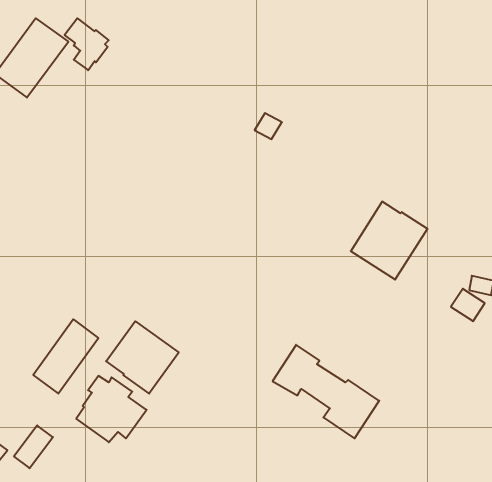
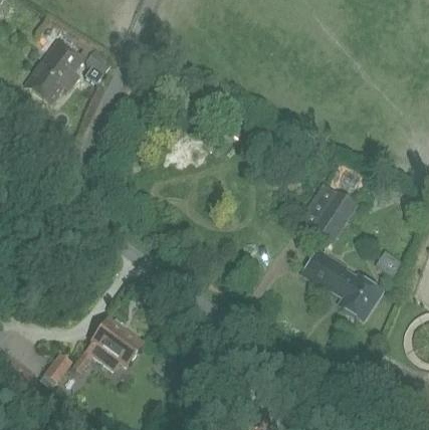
building: [33,319,98,394] -> none
building: [106,321,179,394] -> none
building: [273,345,379,438] -> [300,246,383,318]

